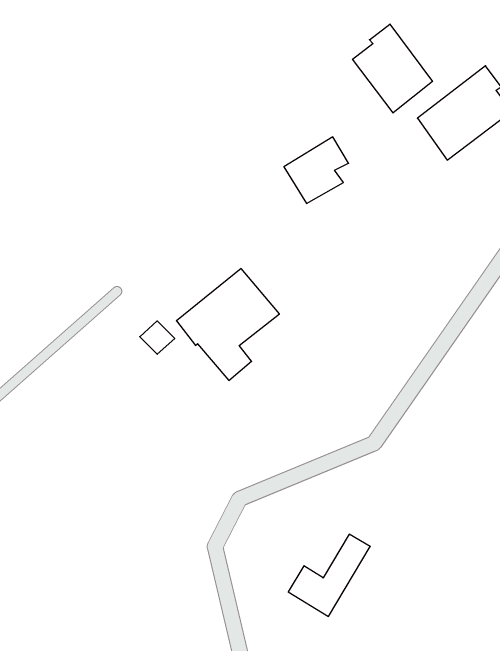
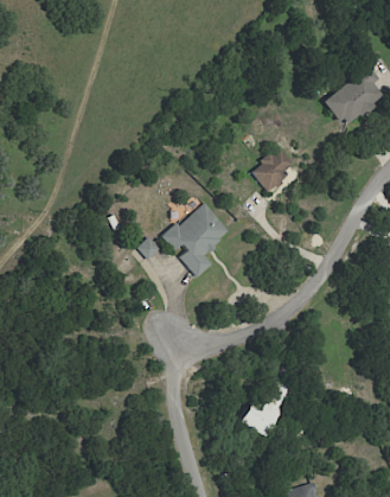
building: [353,24,432,113] -> none
building: [284,137,349,203] -> [250,147,294,192]

